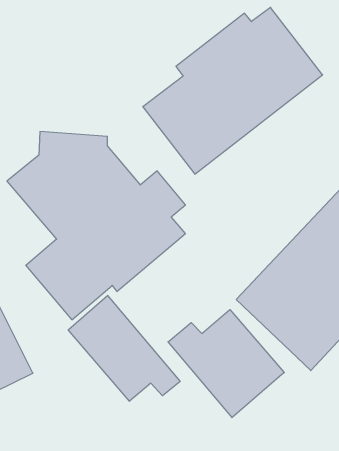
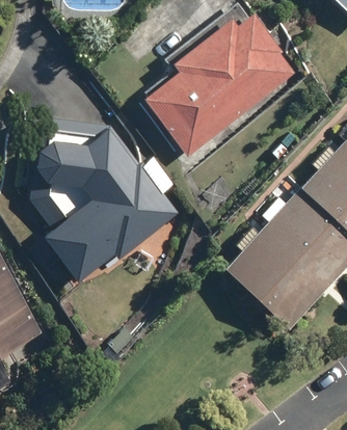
building: [68,295,180,401] -> none
building: [168,310,284,418] -> none

